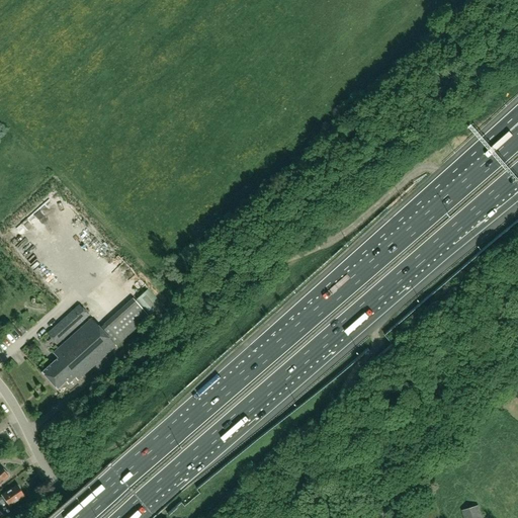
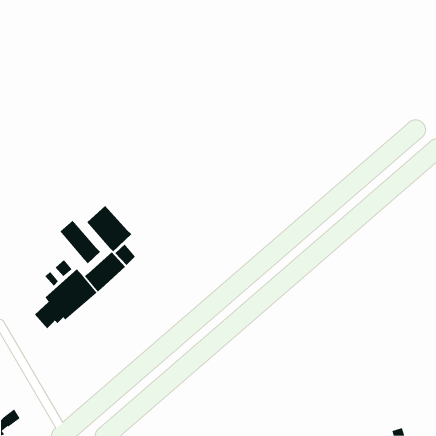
building: none -> [87,205,132,252]
building: none -> [60,220,101,264]

